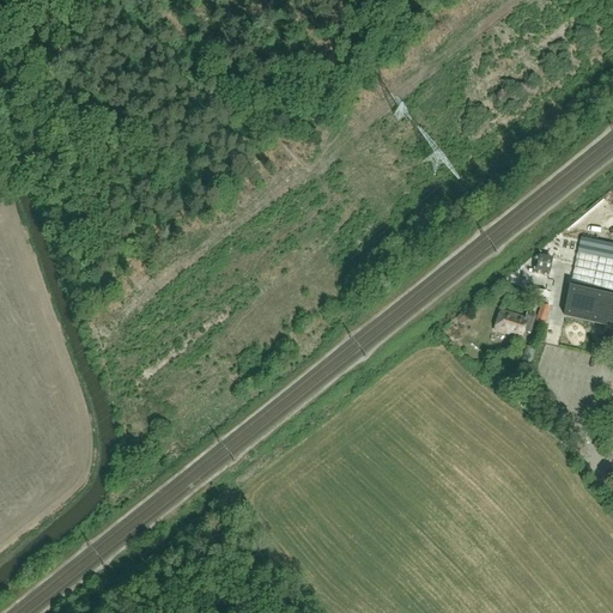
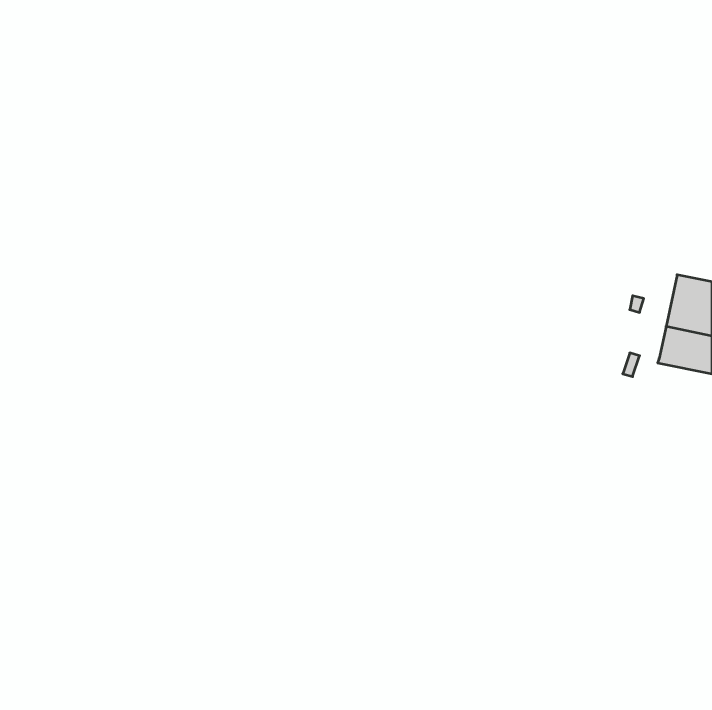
building: [494,309,535,336] -> none

